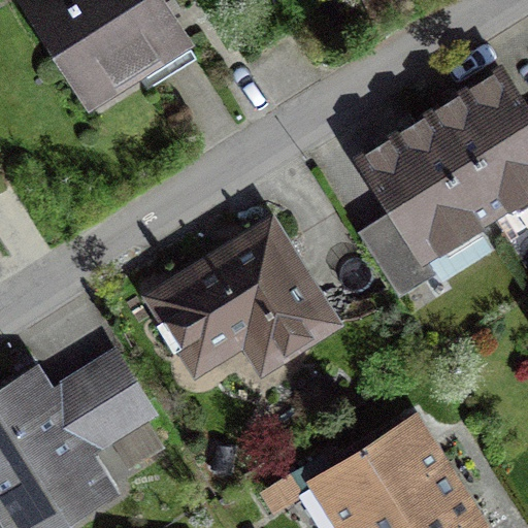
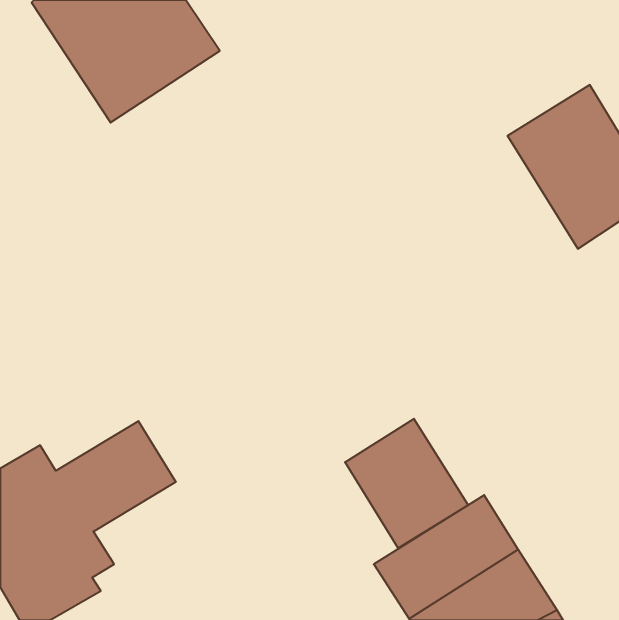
building: [361,116,492,295] -> none
building: [157,227,331,365] -> none
building: none -> [345,419,468,548]

